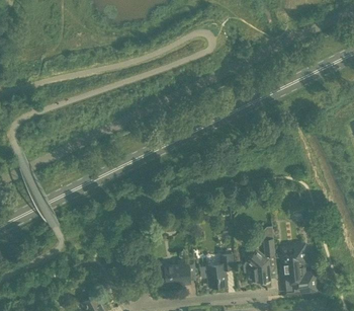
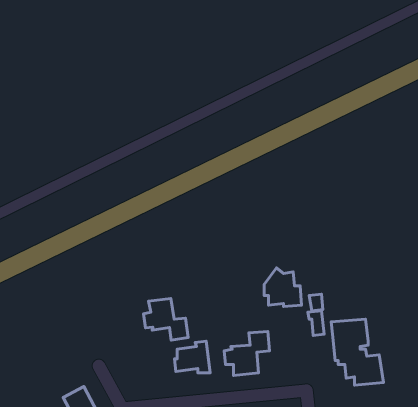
building: none -> [144,299,188,340]
building: [242,249,269,278] -> [264,268,301,306]

